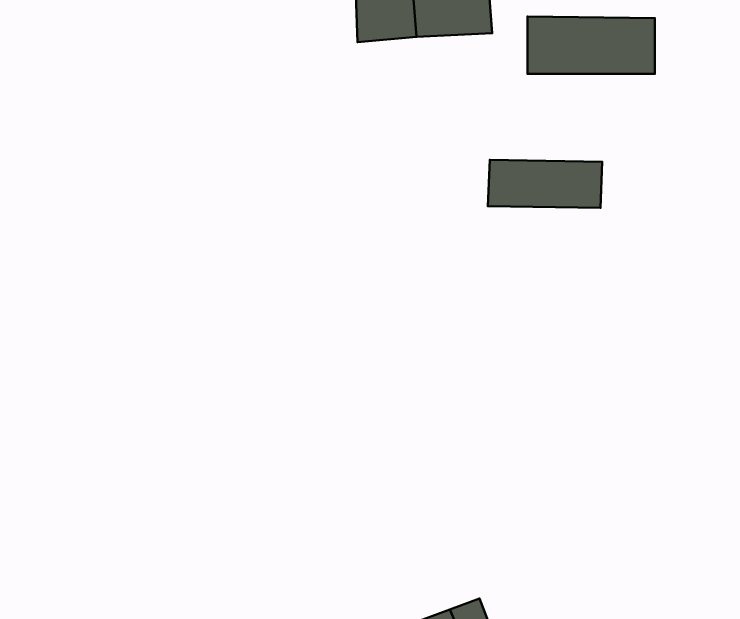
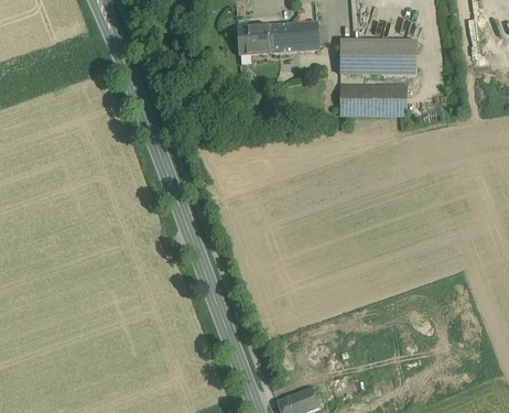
building: [488,160,602,208] -> [339,84,408,112]

